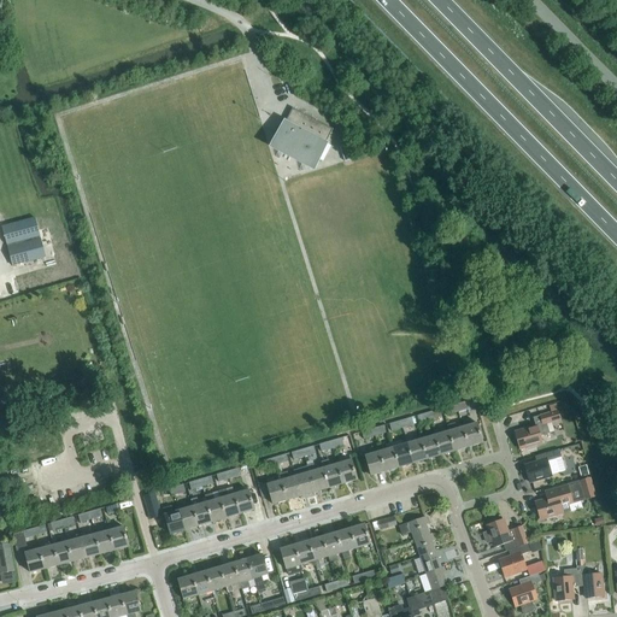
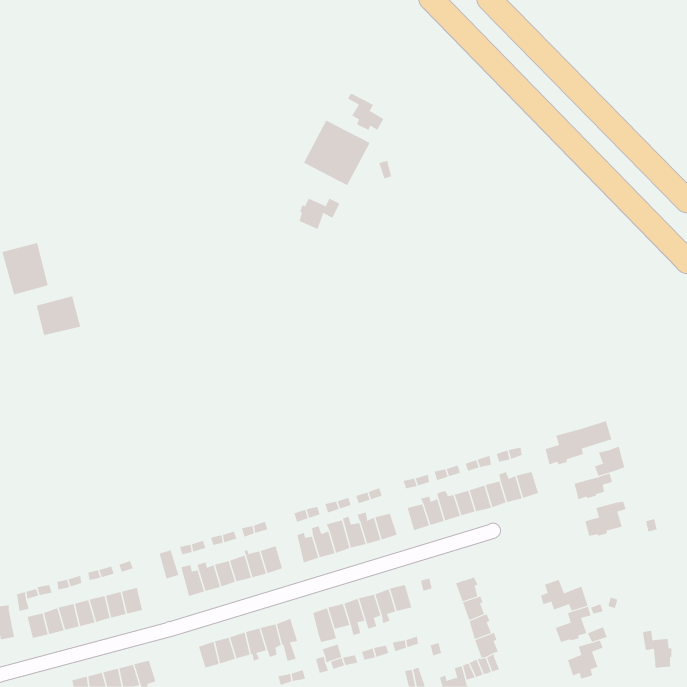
building: none -> [347,93,384,130]
building: none -> [299,198,340,230]
building: none -> [36,295,81,336]
building: [534,477,594,517] -> [545,421,612,465]
building: [553,563,577,601] -> none

